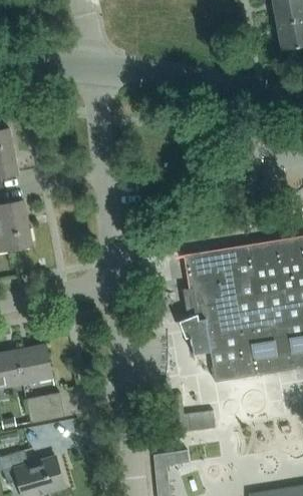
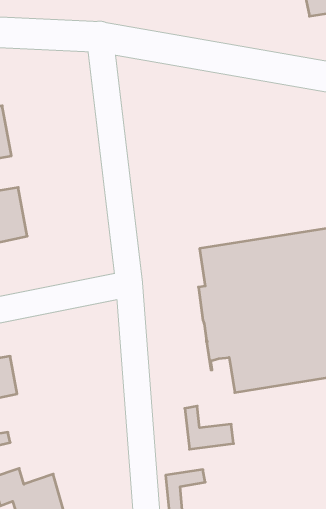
building: [16,344,52,383] -> none
building: [26,392,63,421] -> none

